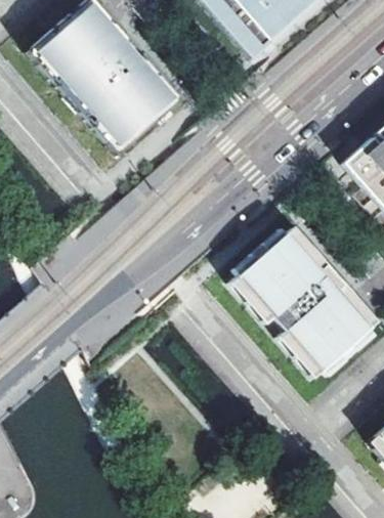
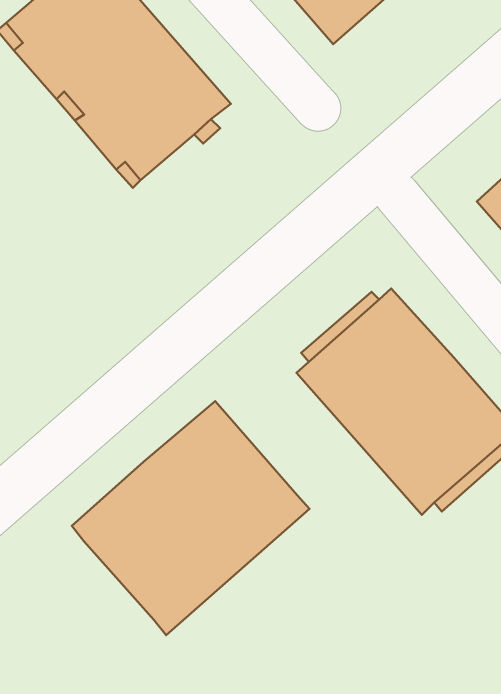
building: none -> [72,401,310,635]

